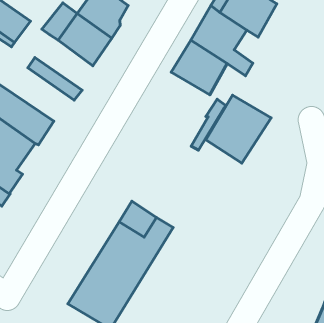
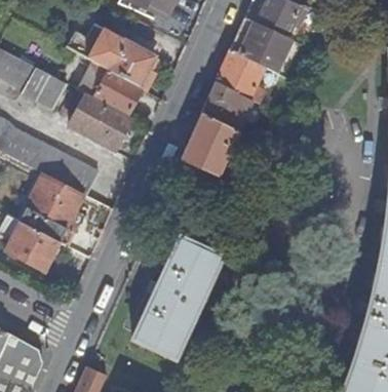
building: none -> [74,93,132,141]
building: [206,95,271,163] -> [182,114,239,175]

